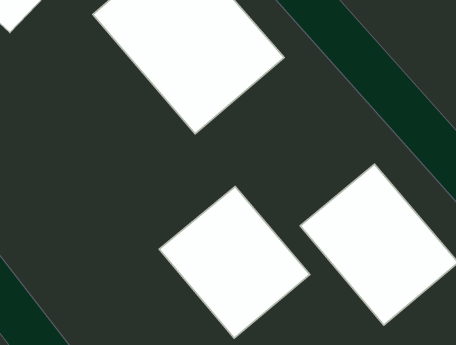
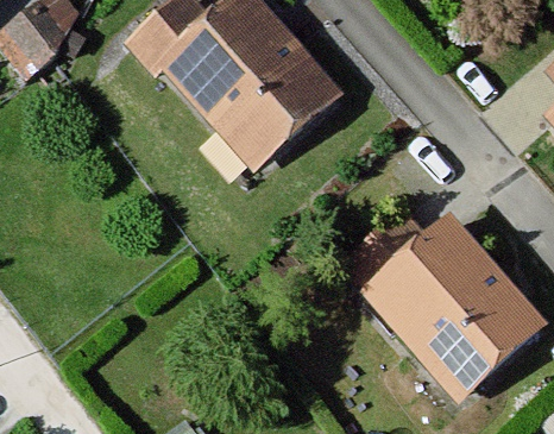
building: [159,186,310,338] -> none

